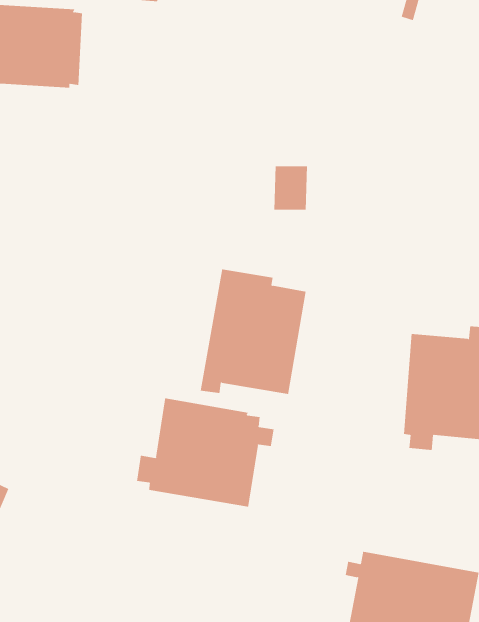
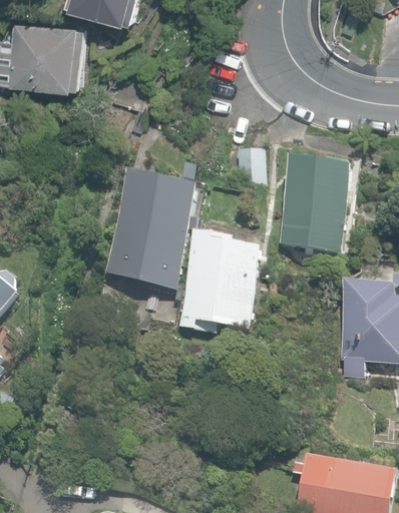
building: none -> [278,155,352,253]
building: none -> [104,168,201,290]
building: [137,398,274,508] -> none

